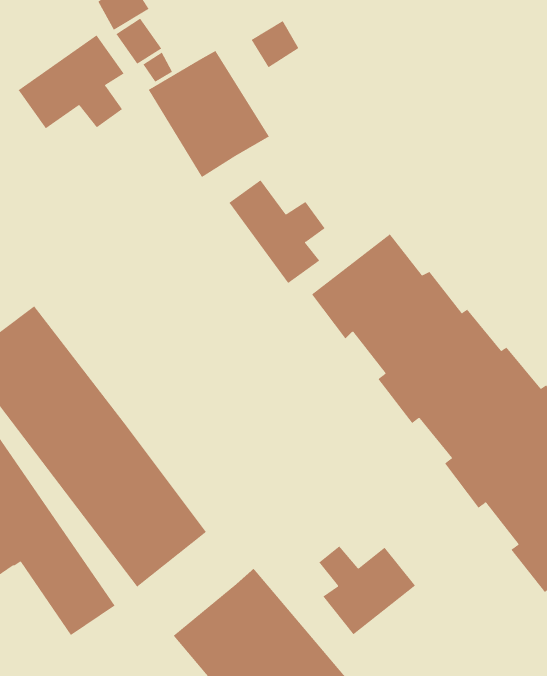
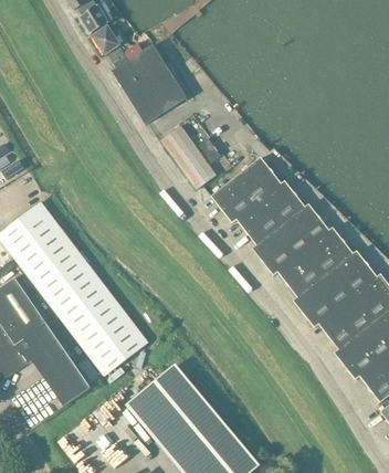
building: [251,20,299,68] -> none
building: [18,34,124,129] -> none
building: [318,546,416,635] -> none

